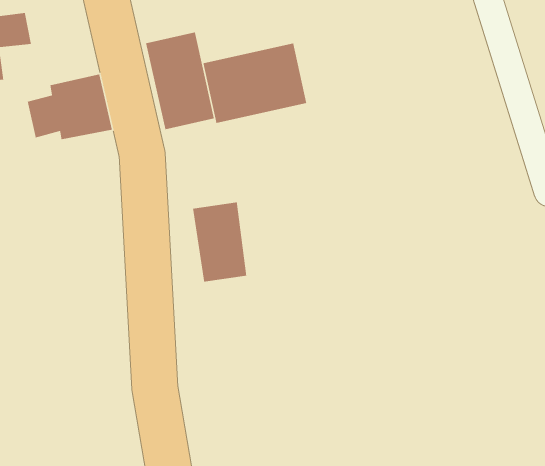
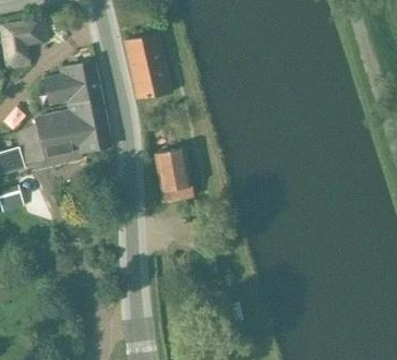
building: [203,43,307,124] -> none
building: none -> [38,99,112,165]

